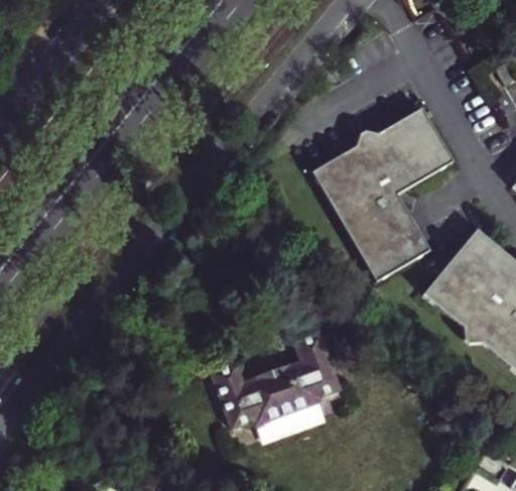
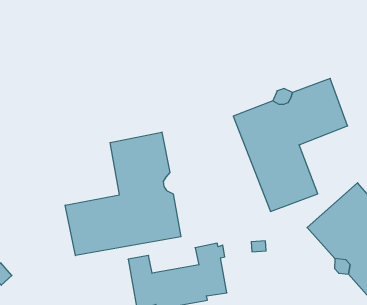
building: none -> [65,132,181,256]

